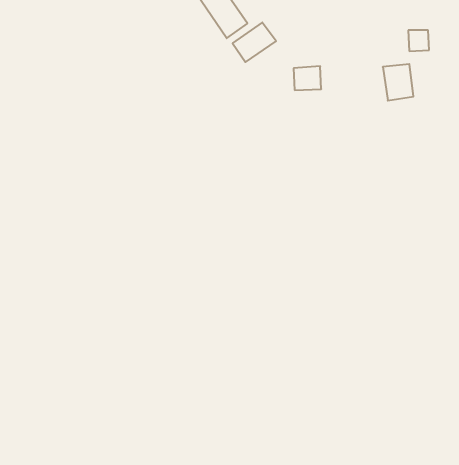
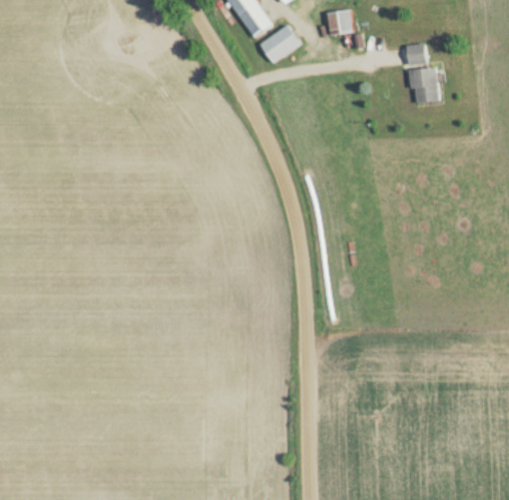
building: [408,30,429,51] -> [408,44,429,65]
building: [294,66,321,90] -> [326,10,354,34]

